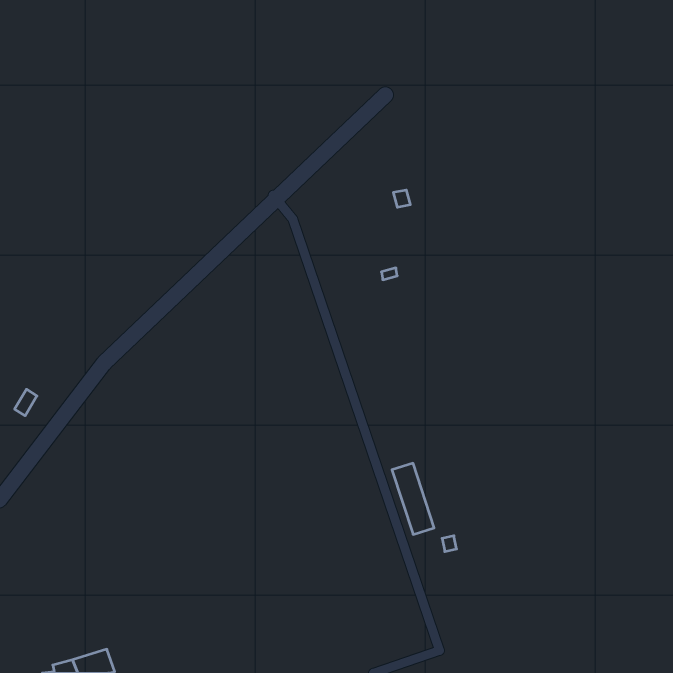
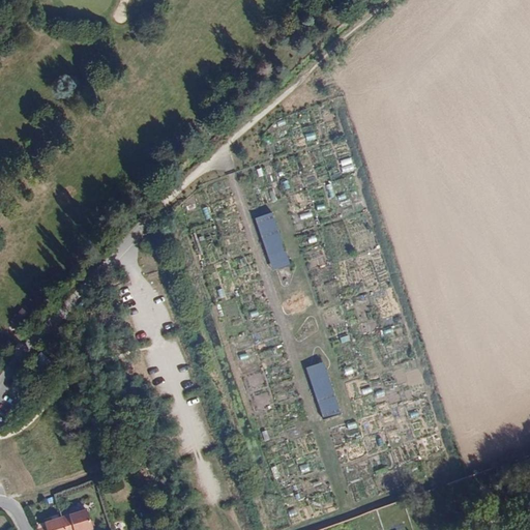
building: none -> [256,213,288,269]

